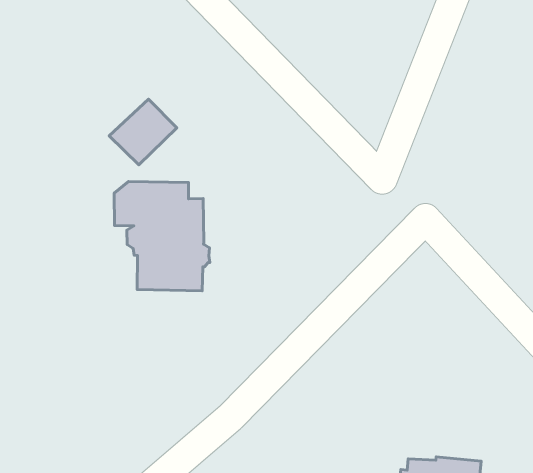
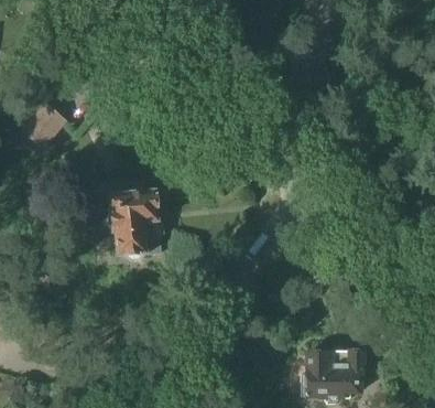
building: [109,99,177,165] -> [21,104,66,149]

